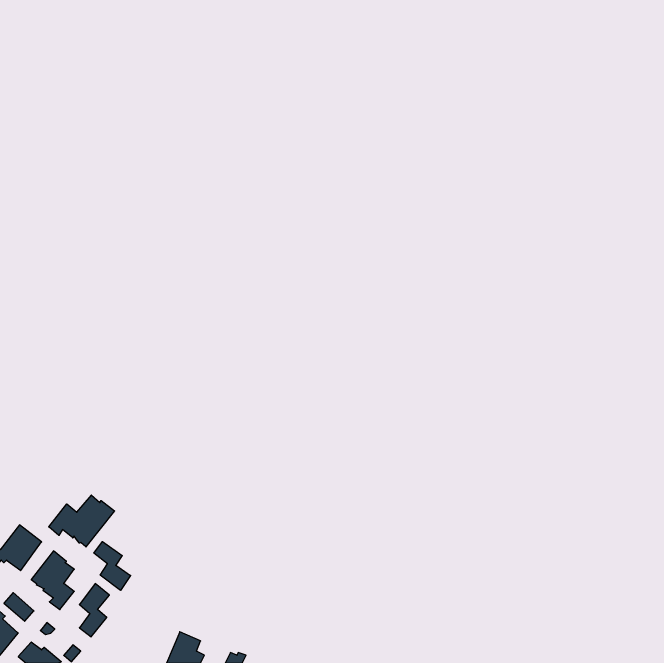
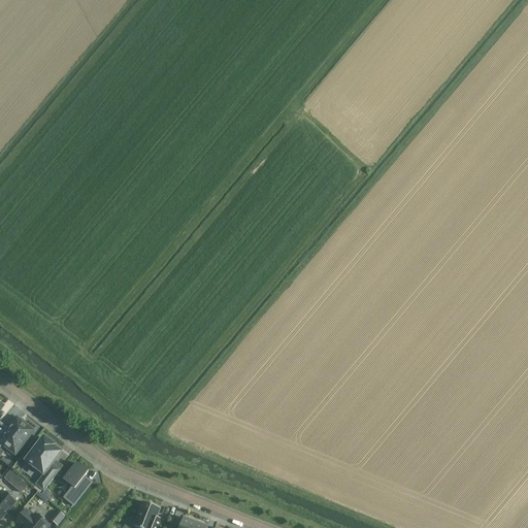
building: [49,495,115,547] -> none
building: [94,542,131,590] -> none

